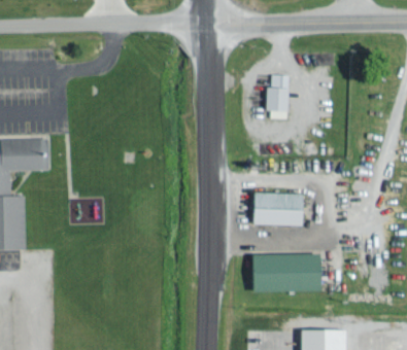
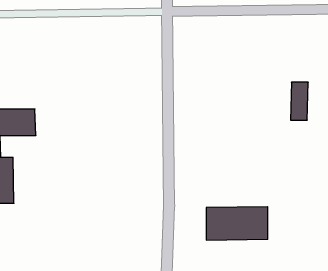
building: [267,73,287,117] -> [291,82,308,120]
building: [250,191,304,224] -> none

